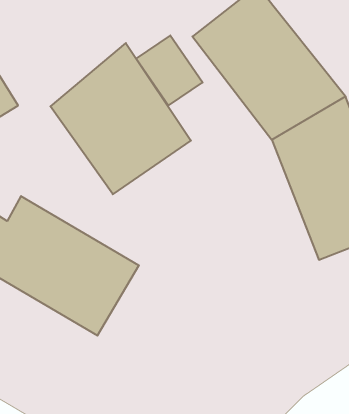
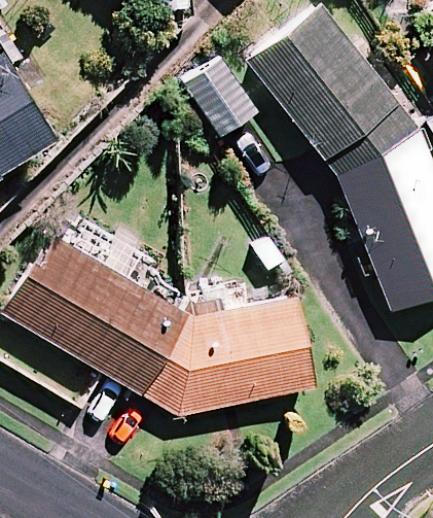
building: [50,43,191,194] -> none
building: none -> [143,295,316,416]

